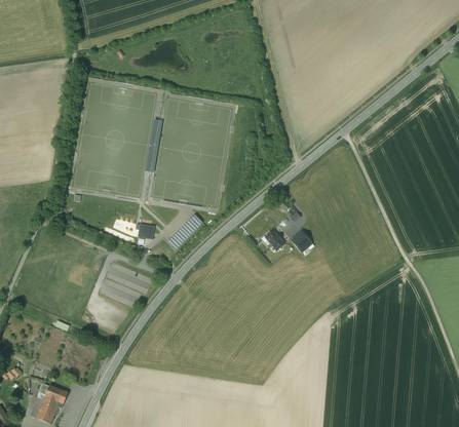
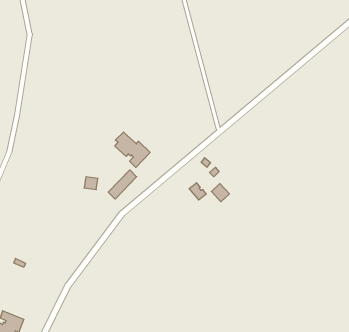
building: none -> [115,132,150,167]

